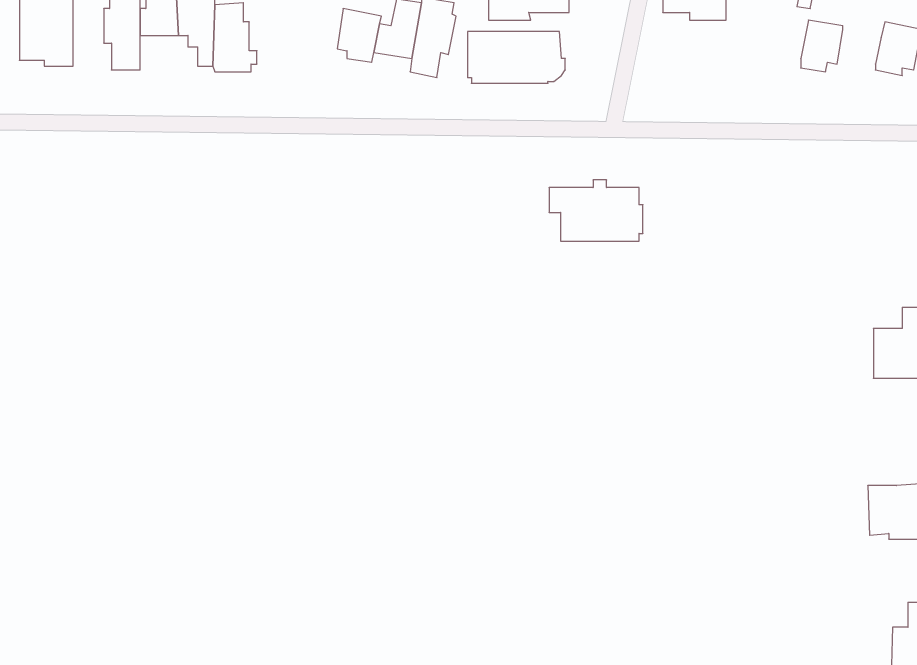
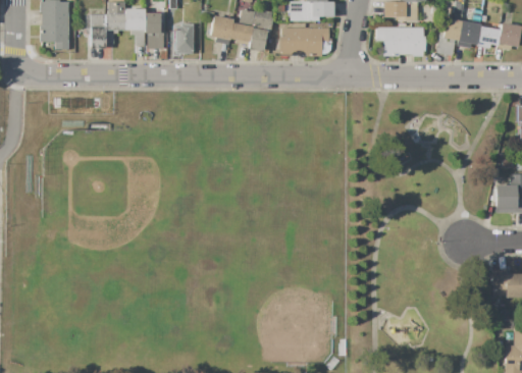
building: none -> [436,18,461,56]
building: none -> [174,23,194,54]
building: none -> [476,26,500,49]
building: [549,180,643,241] -> [376,23,426,56]

